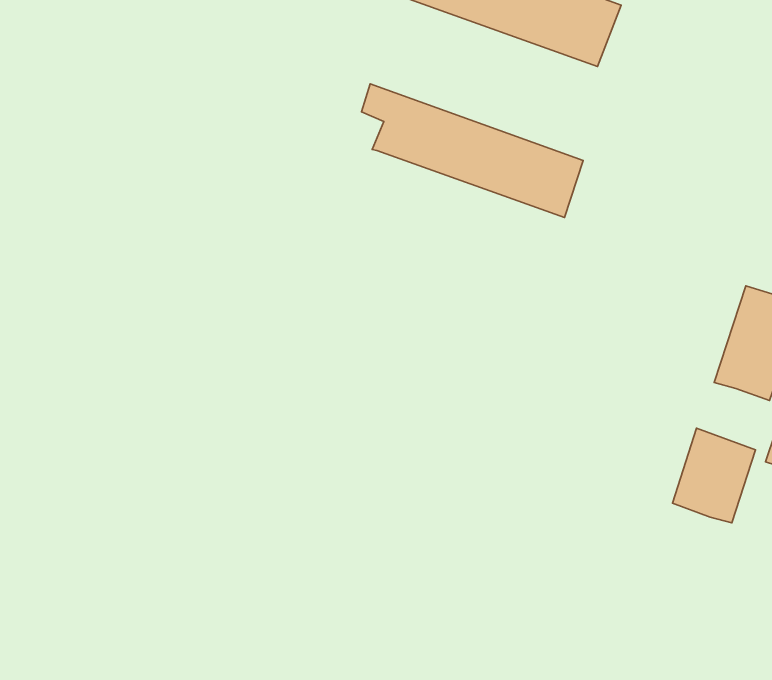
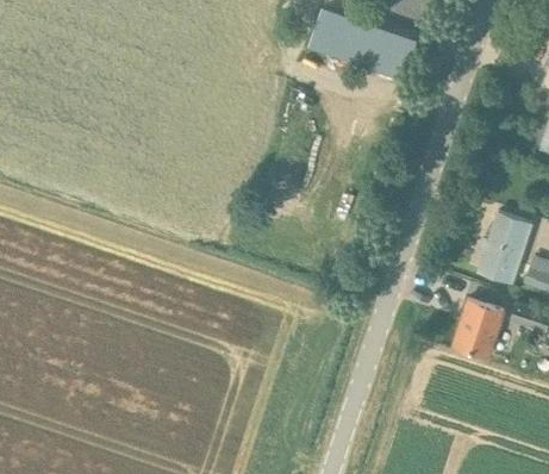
building: [362,84,583,218] -> none

